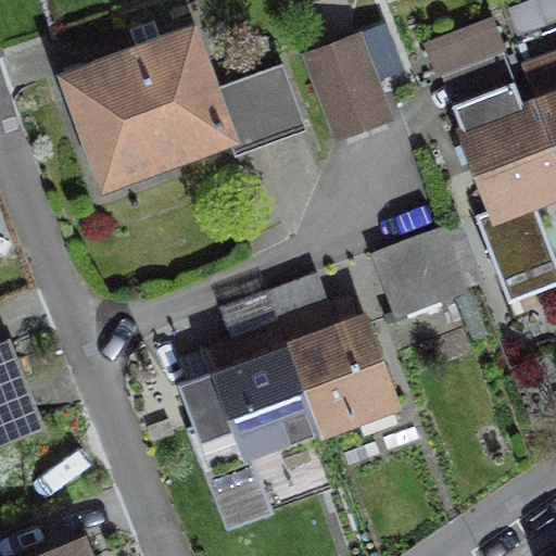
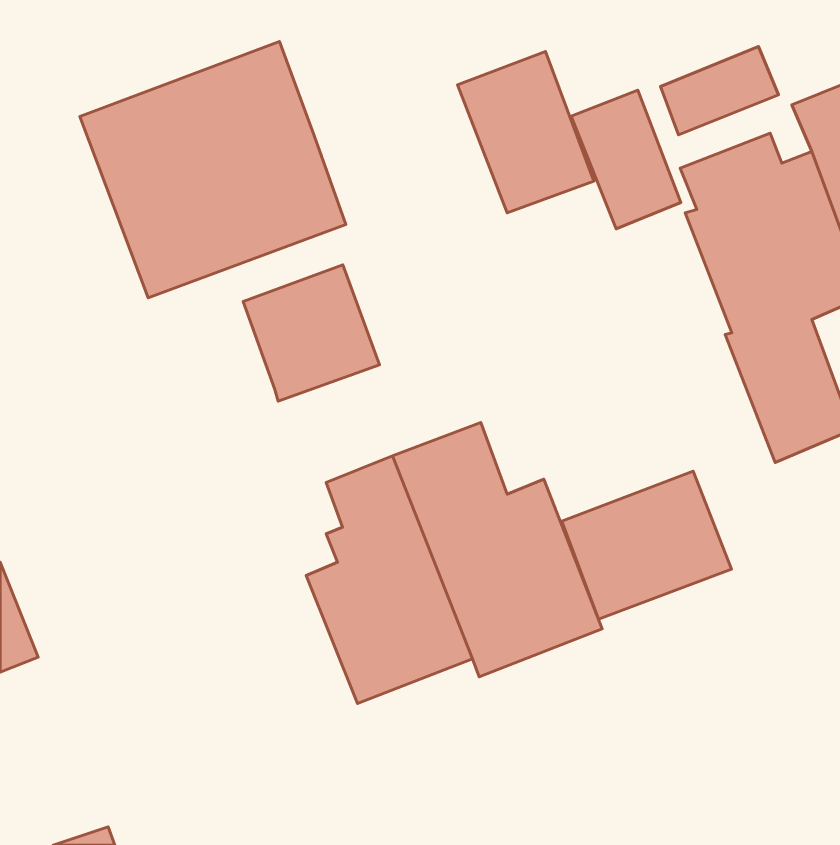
building: none -> [571,90,681,229]
building: [212,65,301,154] -> [243,265,380,401]
building: [376,225,486,321] -> [562,471,731,619]

